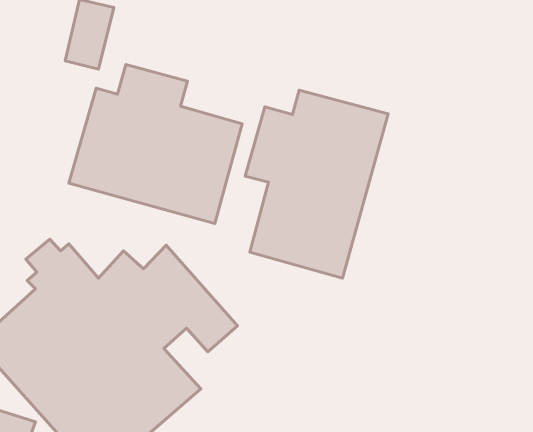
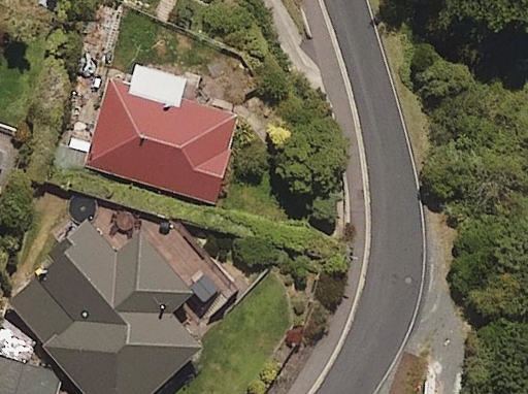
building: [245,90,388,278] -> none

